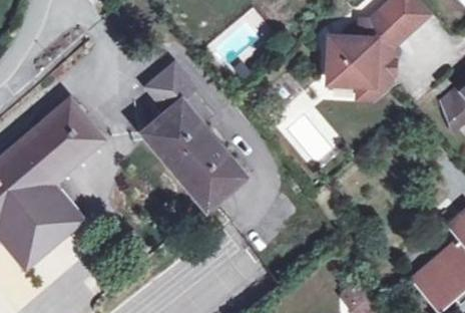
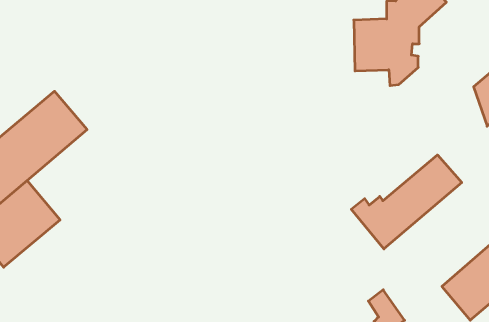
building: [147,67,243,204] -> none
building: none -> [351,155,462,249]

